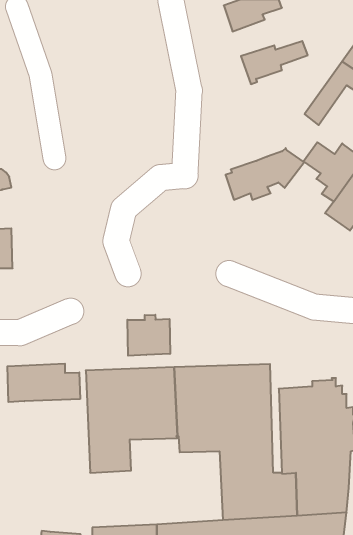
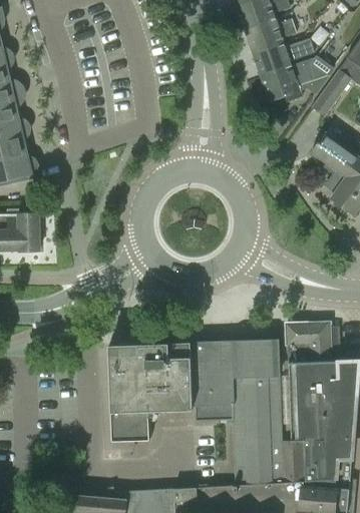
building: none -> [246,19,298,53]
building: [225,148,304,200] -> [263,54,336,102]
building: [127,315,170,356] -> none
building: none -> [288,323,342,363]
building: [7,364,80,402] -> none

